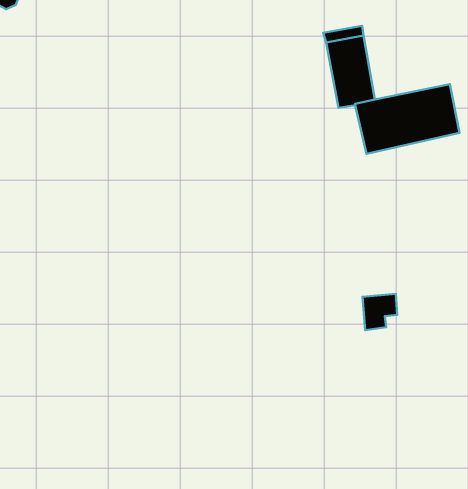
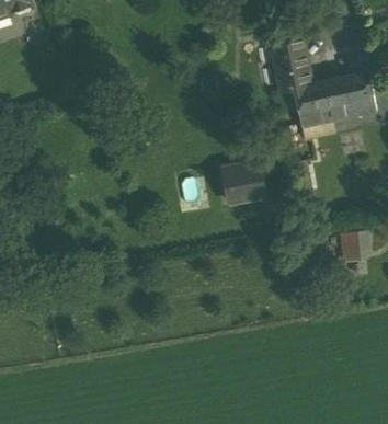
building: none -> [220,160,267,207]
building: [363,294,397,330] -> [342,234,369,263]

